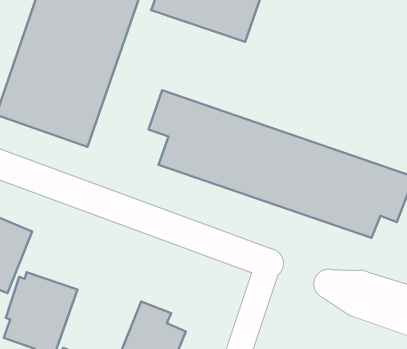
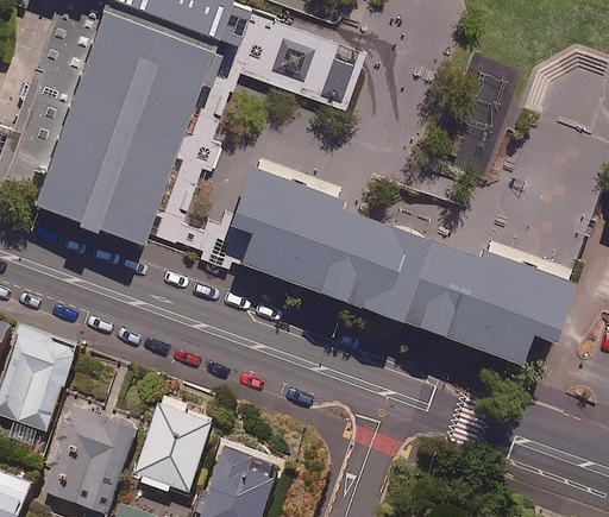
building: none -> [132,396,216,497]

